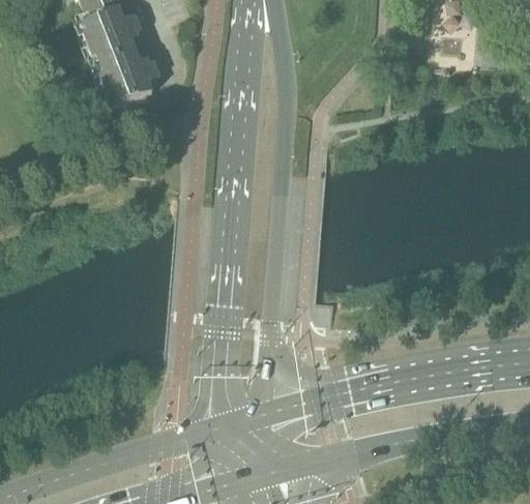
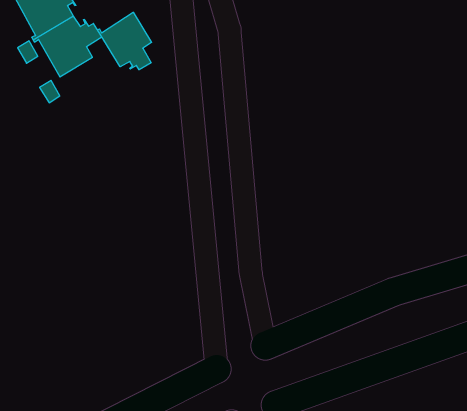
building: none -> [98,12,152,70]

